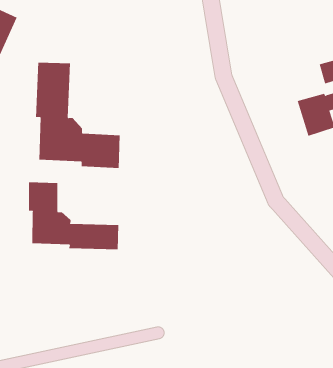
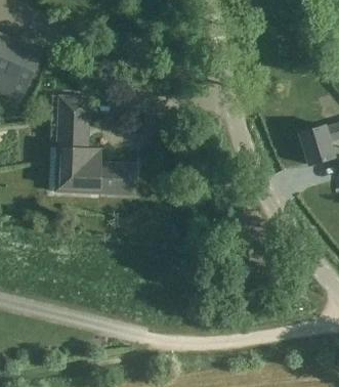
building: [28,181,119,250] -> none

